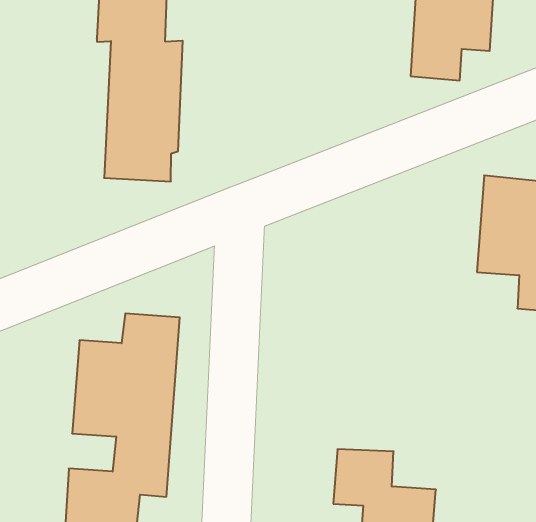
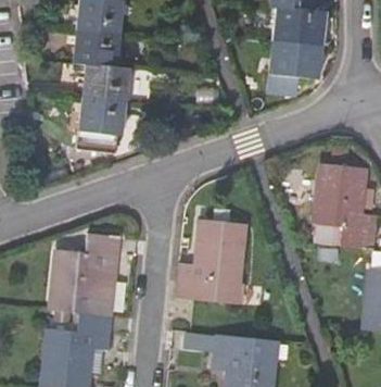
building: none -> [175,212,244,294]

